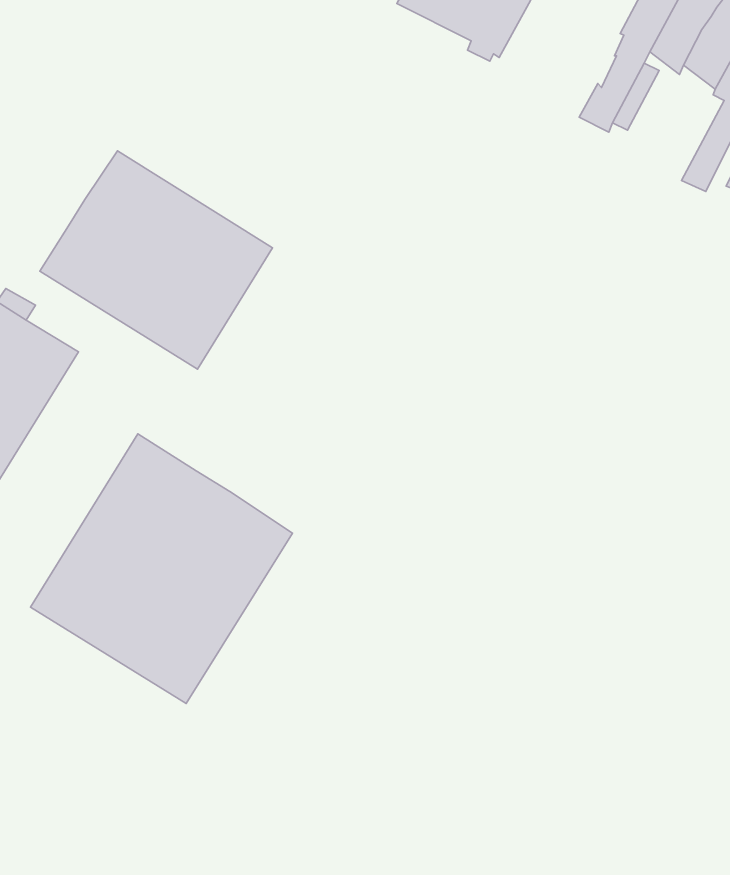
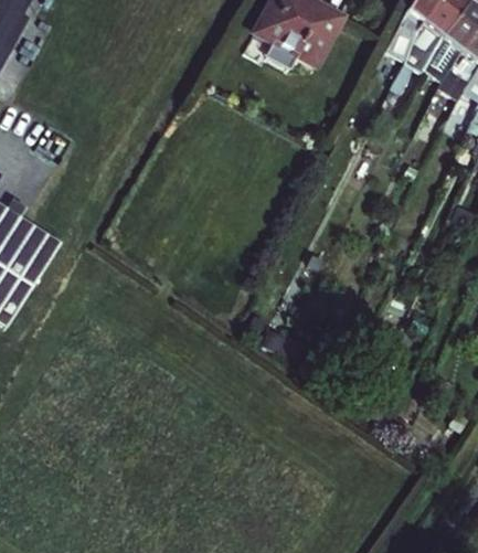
building: [40,151,273,369] -> none
building: [31,434,293,703] -> none

